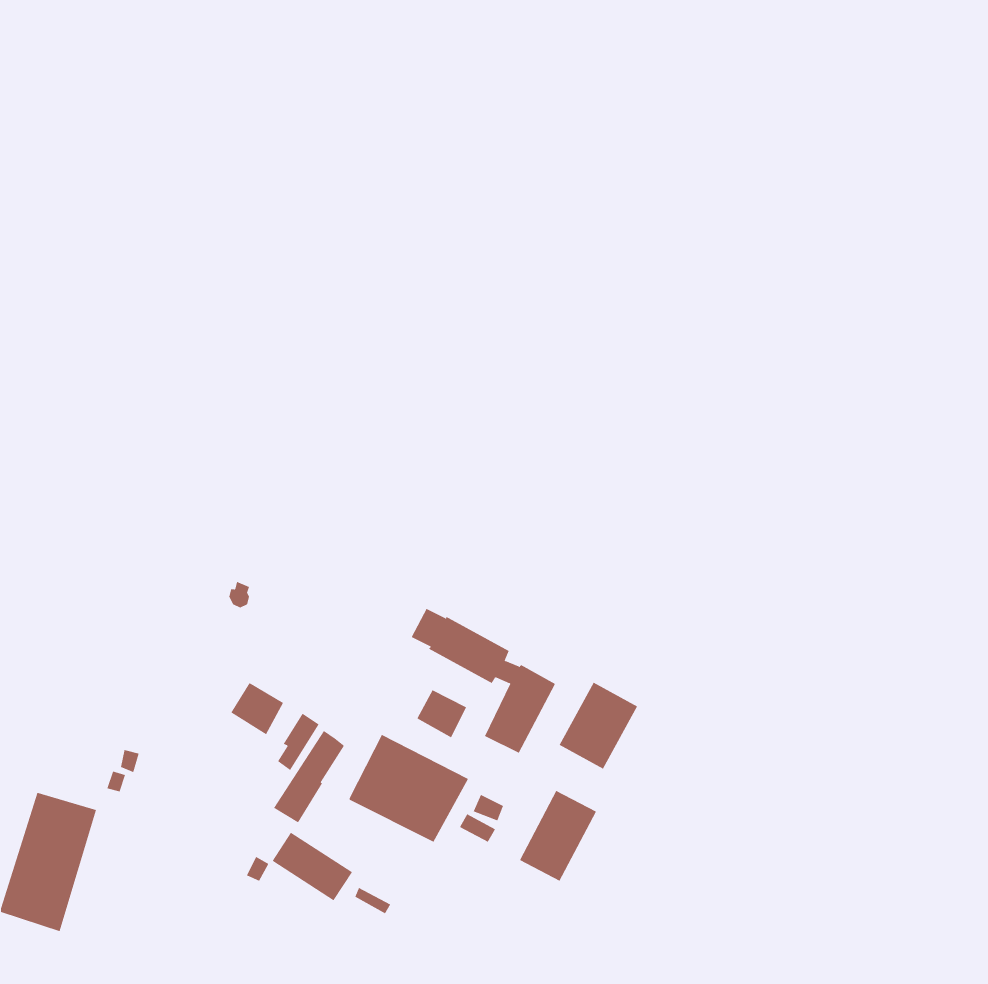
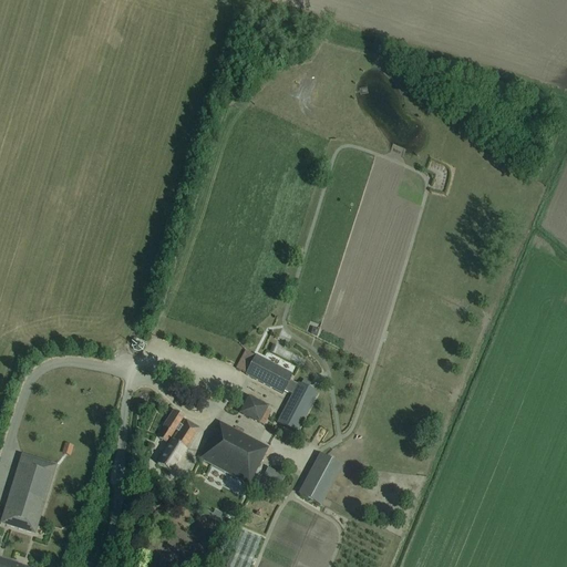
building: [559,682,638,770] -> none
building: [230,682,284,735] -> none
building: [272,832,353,901] -> none

